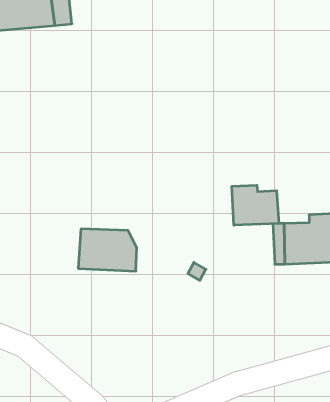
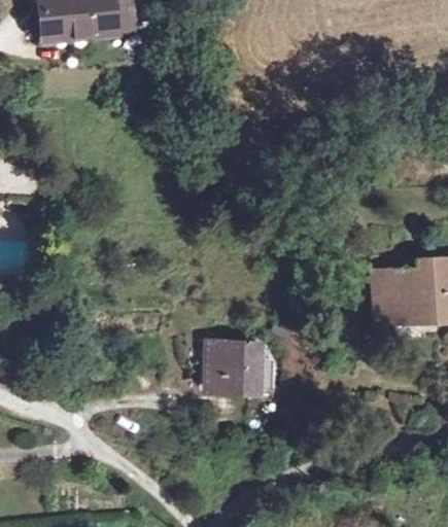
building: [232,185,279,225] -> none
building: [78,229,137,271] -> [204,342,274,392]

